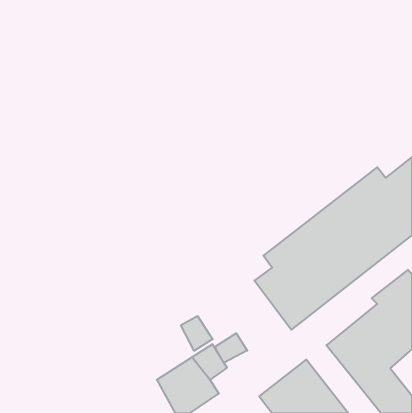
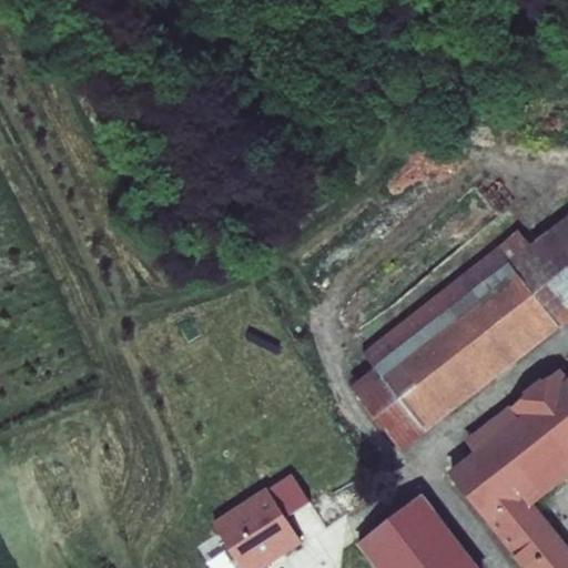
building: [181,316,213,351] -> none
building: [215,333,247,363] -> none

